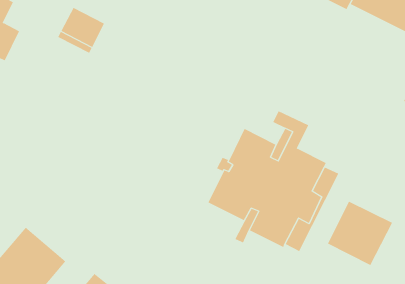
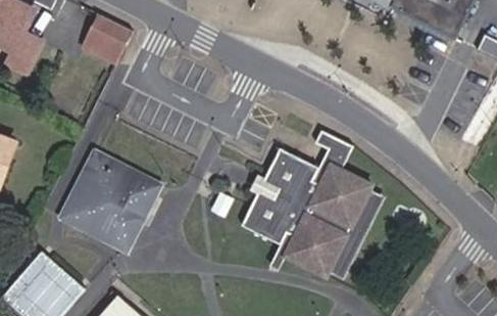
building: none -> [61,151,161,250]
building: [327,201,393,266] -> none

